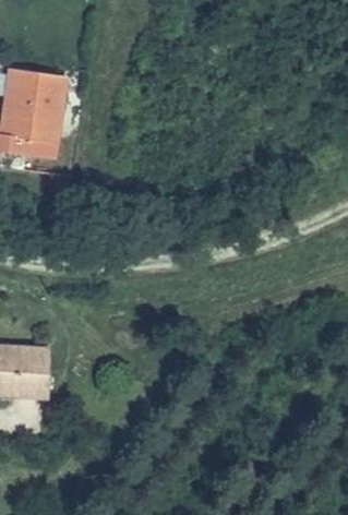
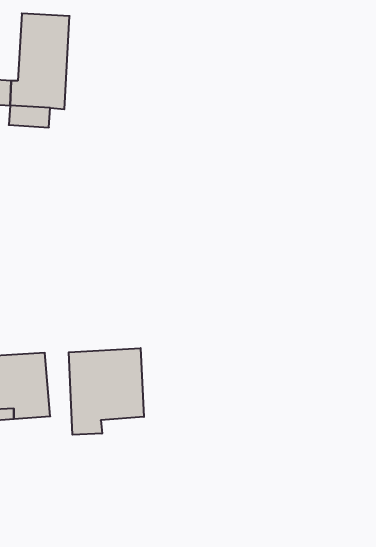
building: none -> [69,348,144,435]

